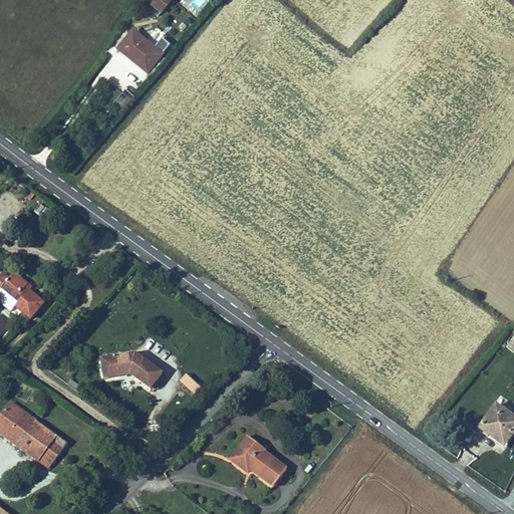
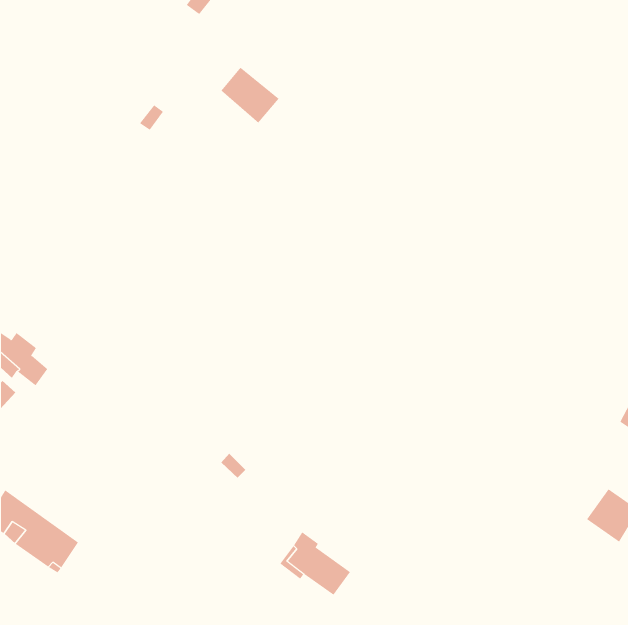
building: [118,27,167,73] -> [220,67,280,124]
building: [99,349,160,386] -> none

